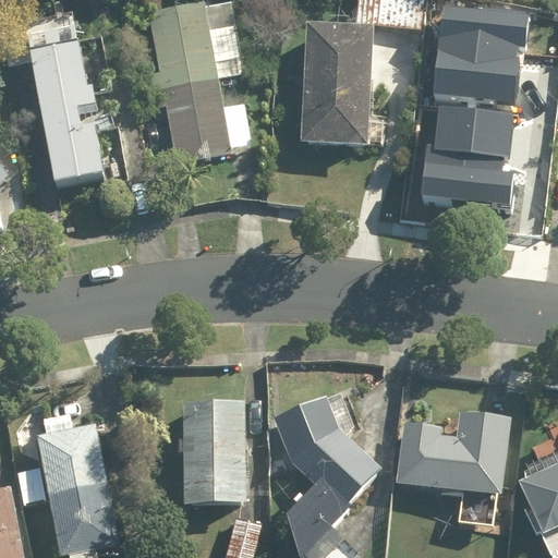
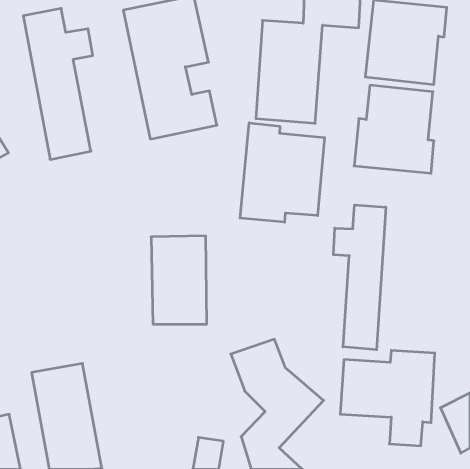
building: none -> [240,123,325,222]
building: none -> [333,205,386,350]
building: [180,403,245,507] -> [151,236,207,324]

